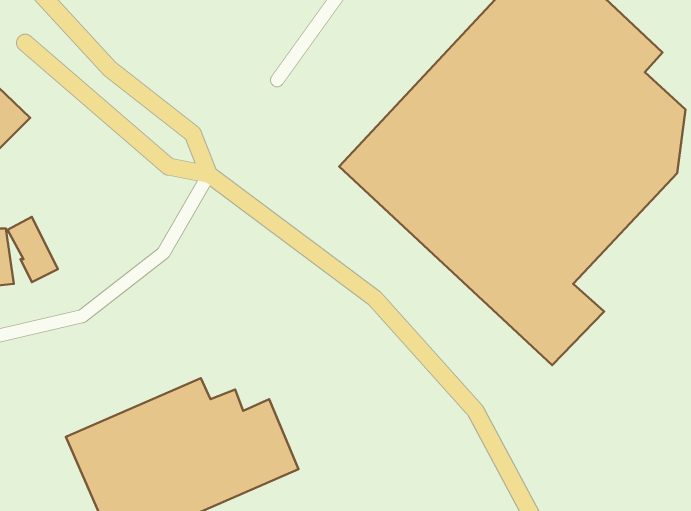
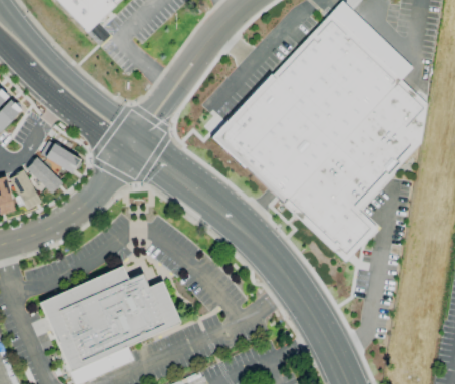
building: none -> [39,137,78,171]
building: none -> [24,155,61,190]

